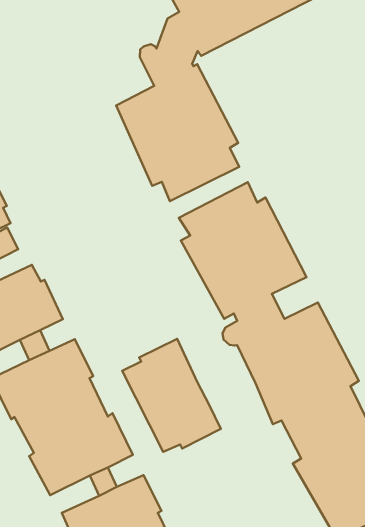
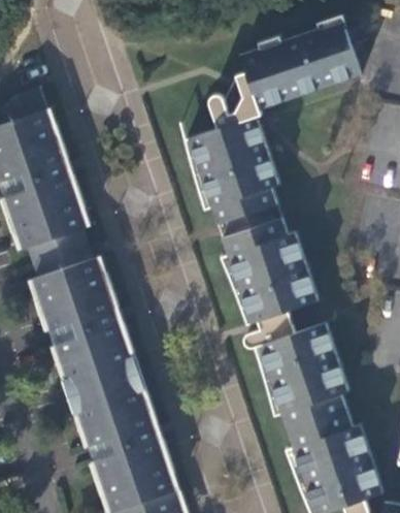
building: [122,339,221,452] -> none

